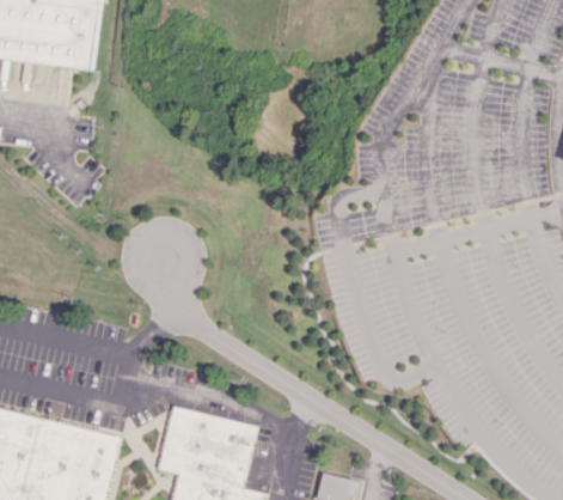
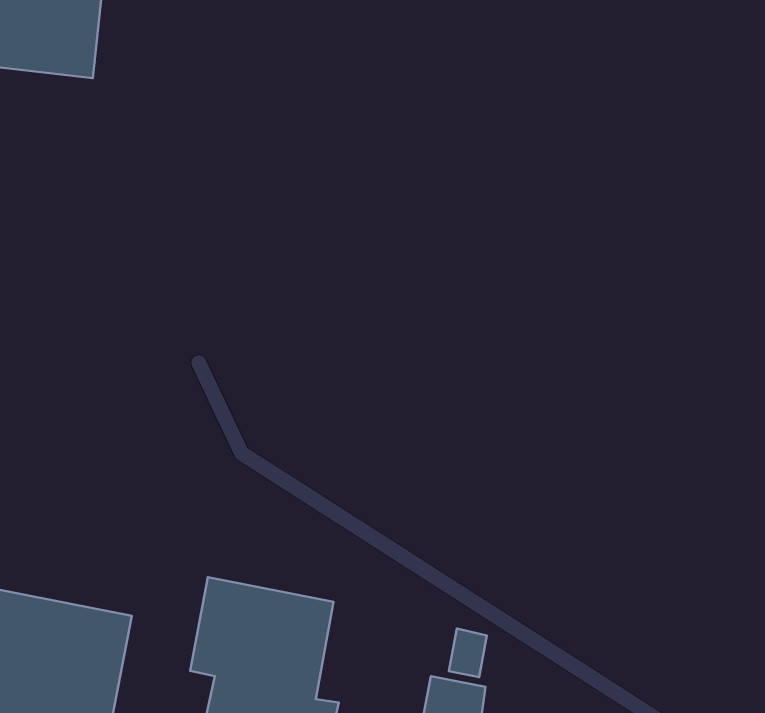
building: none -> [449,628,487,677]

